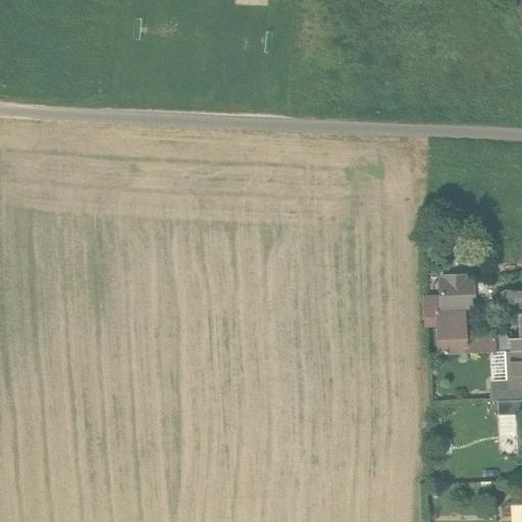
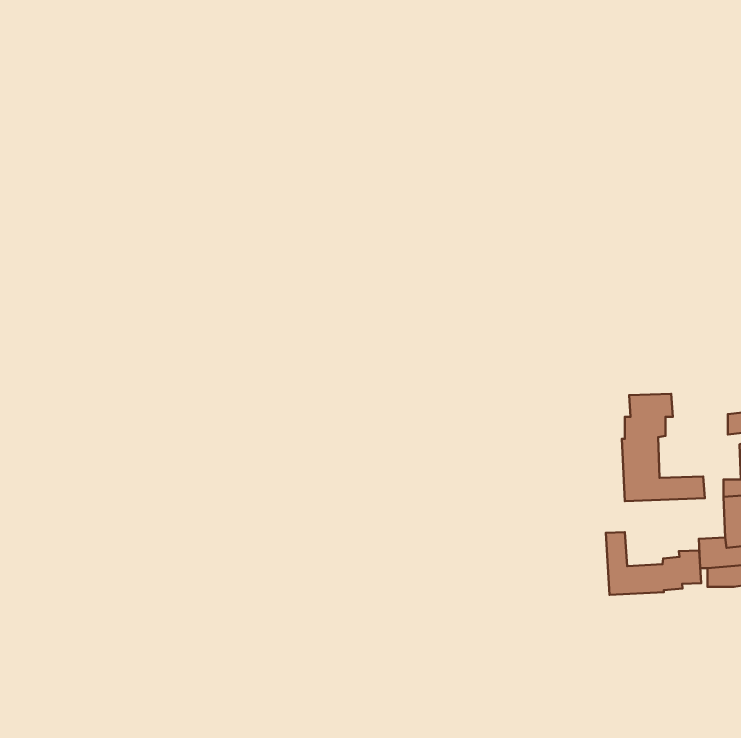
building: none -> [606,532,701,595]

